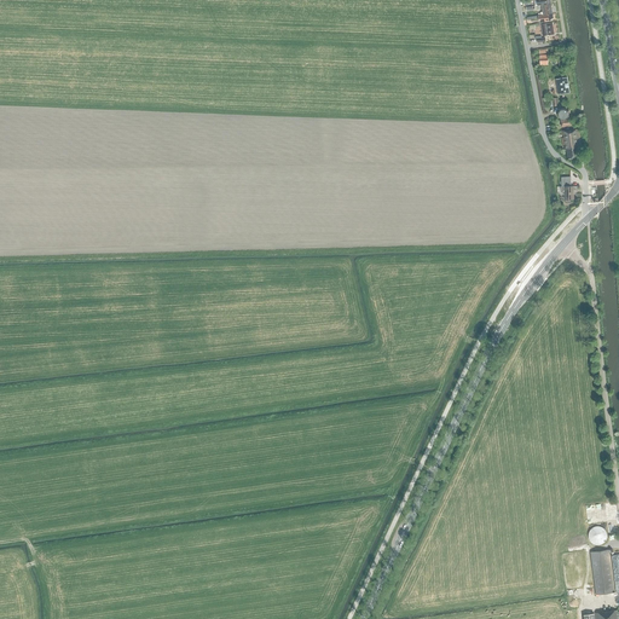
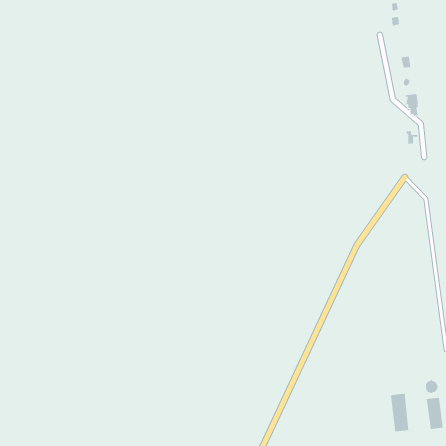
building: none -> [390,393,409,432]

